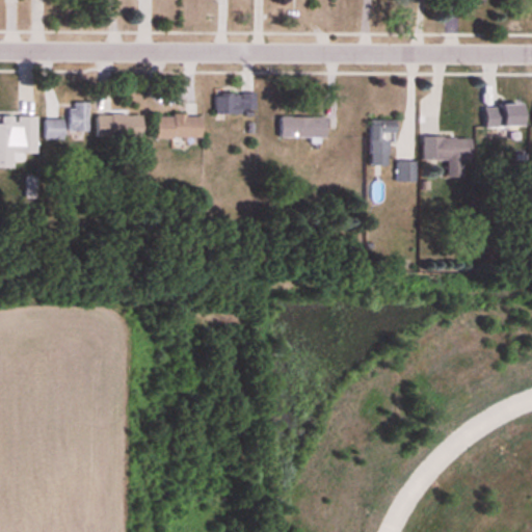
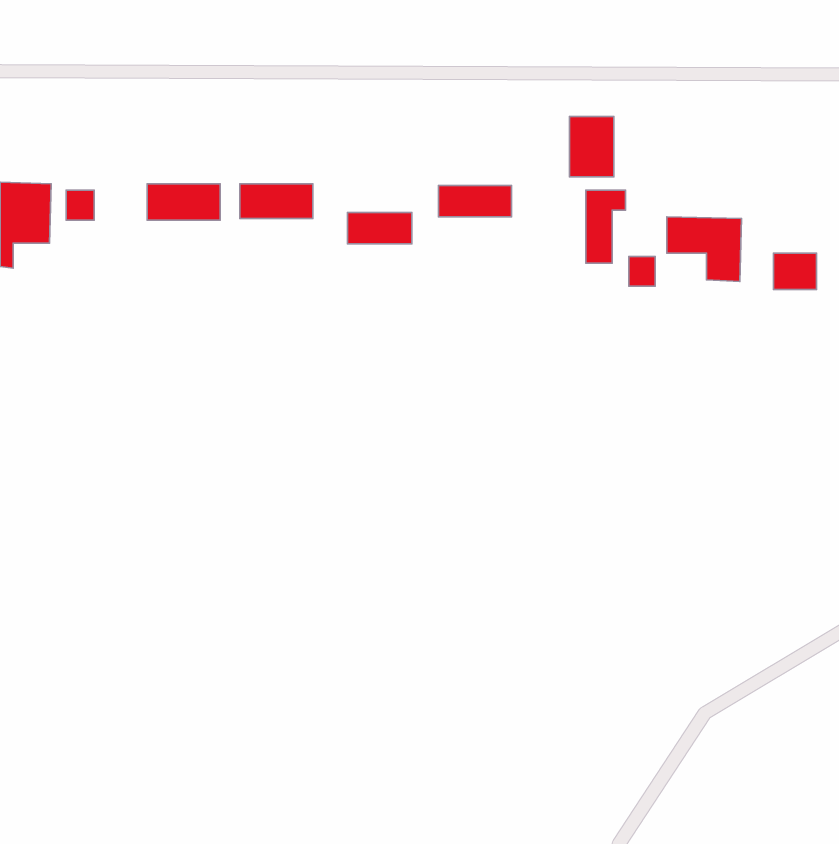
building: none -> [570,116,614,177]
building: [216,94,257,113] -> [347,212,412,244]
building: [71,103,89,131] -> none
building: [494,104,521,127] -> [774,253,817,289]

